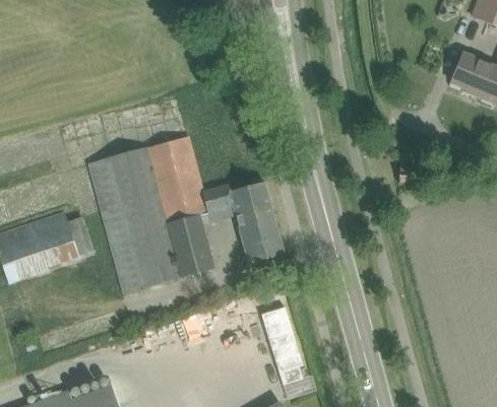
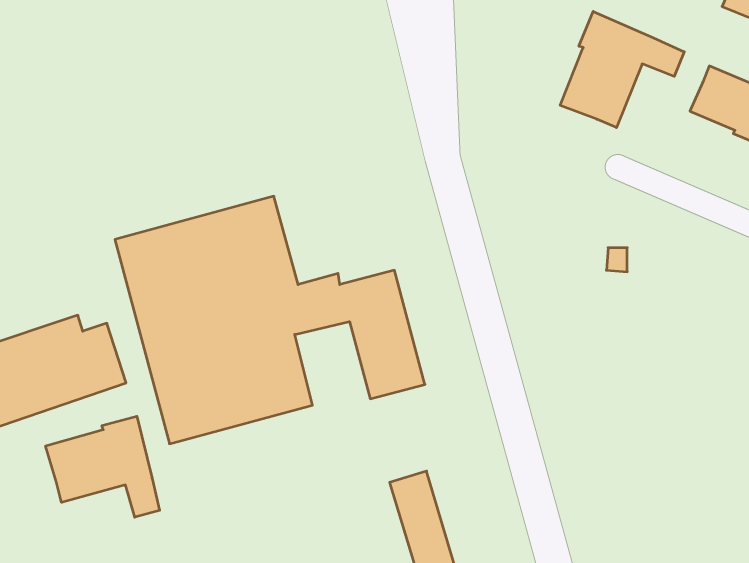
building: none -> [560,11,684,128]
building: none -> [46,416,160,517]

